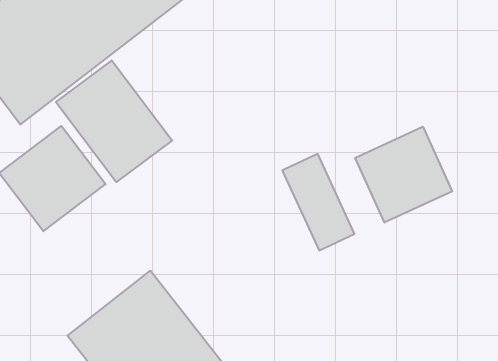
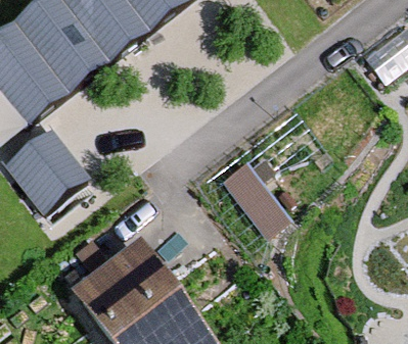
building: [56,60,172,182] -> none
building: [355,127,452,223] -> none

